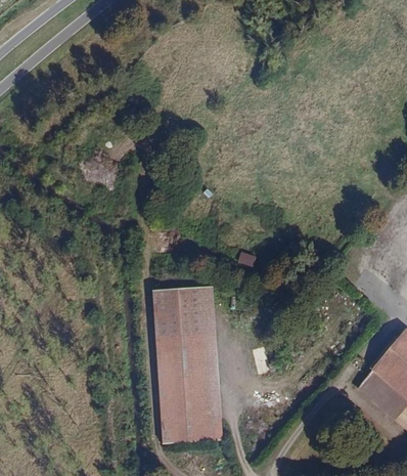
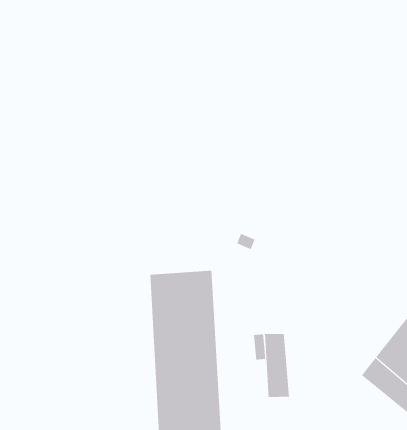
building: none -> [265,333,290,398]

